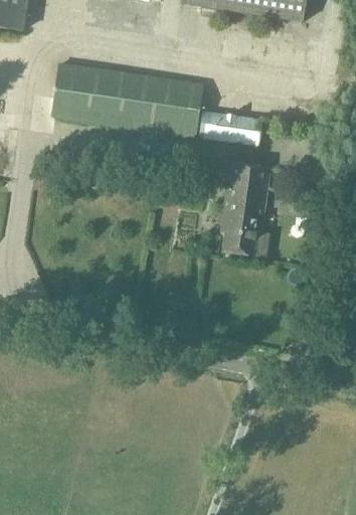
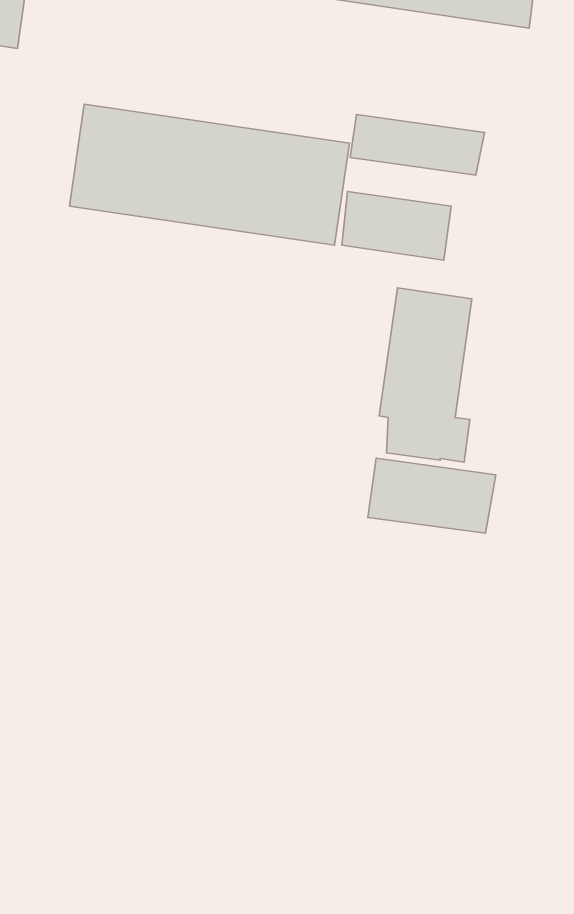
building: none -> [350,114,484,175]
building: none -> [368,458,496,533]

